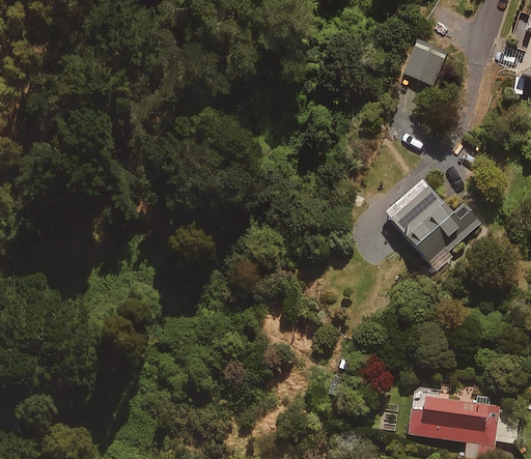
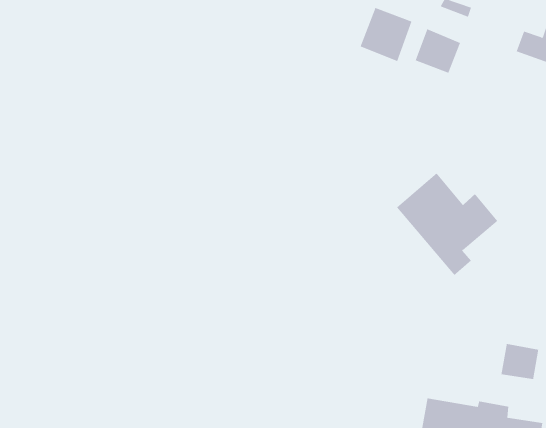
building: none -> [360,7,412,62]
building: none -> [501,343,539,380]

